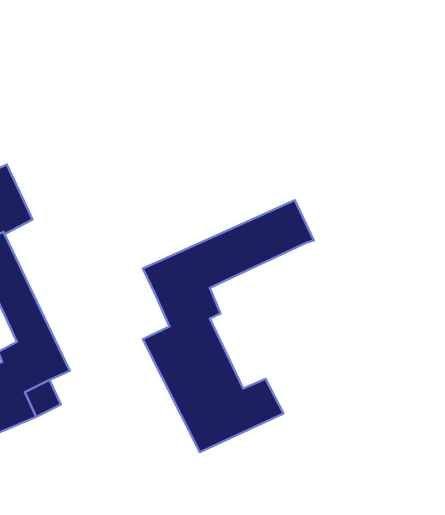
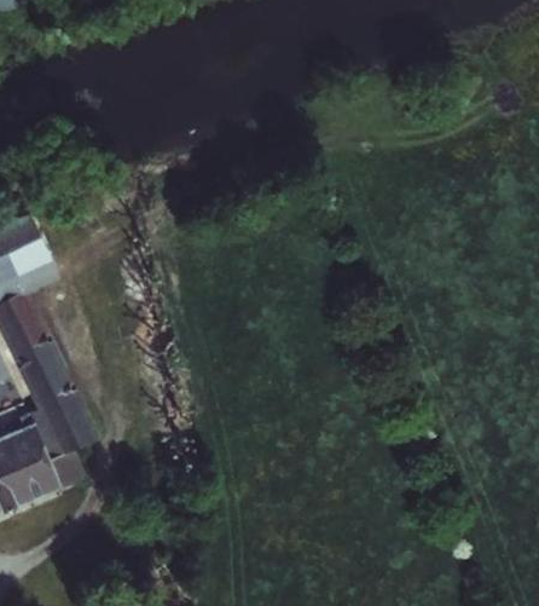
building: [143,200,314,452] -> none

